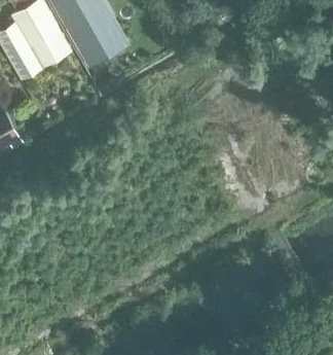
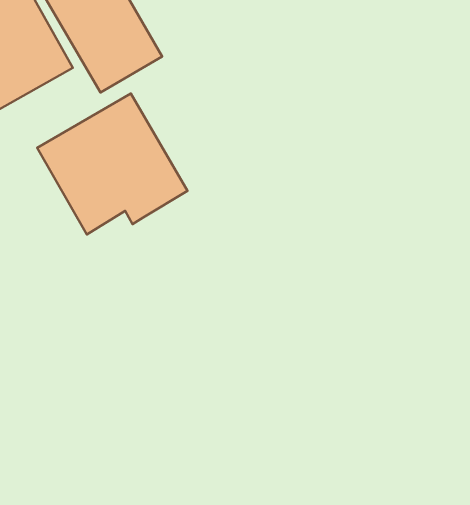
building: none -> [37,93,188,235]

